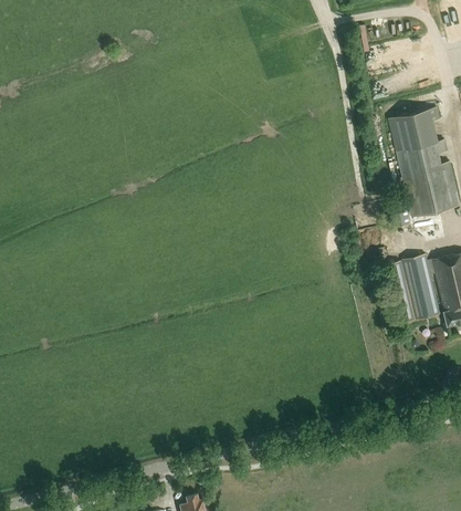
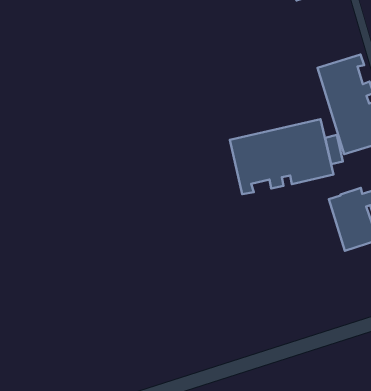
building: none -> [230,119,333,194]

